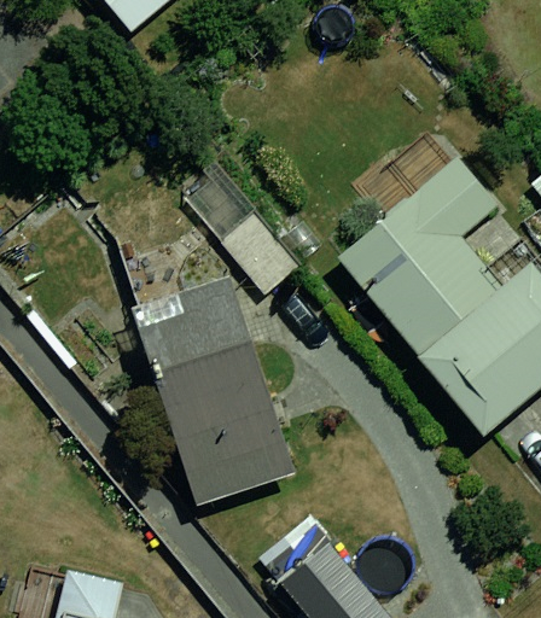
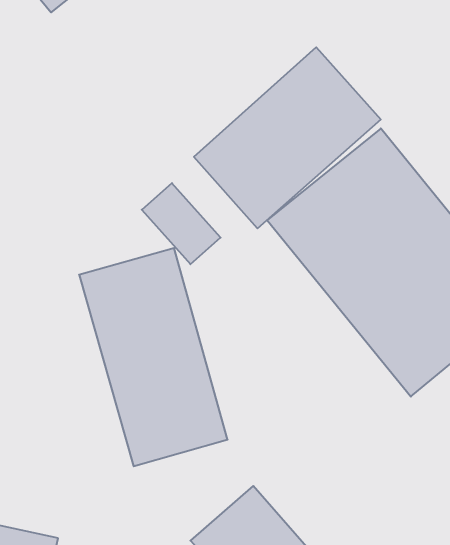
building: none -> [194,47,381,228]

